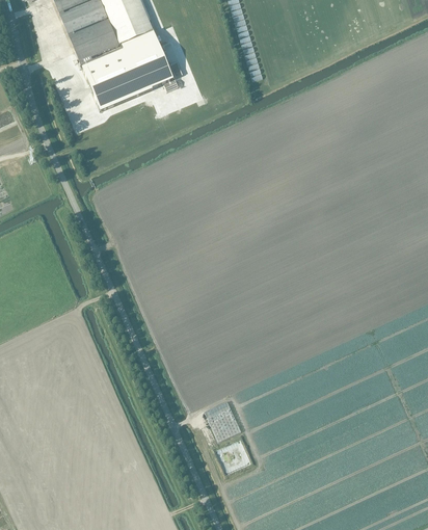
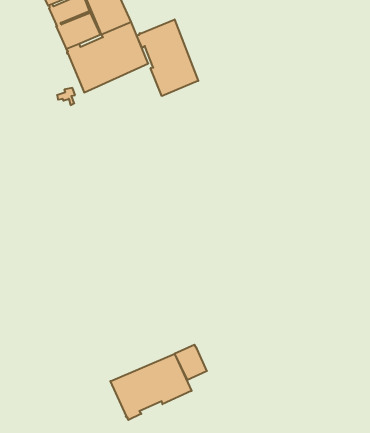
building: none -> [137,19,198,96]
building: none -> [110,354,192,420]

